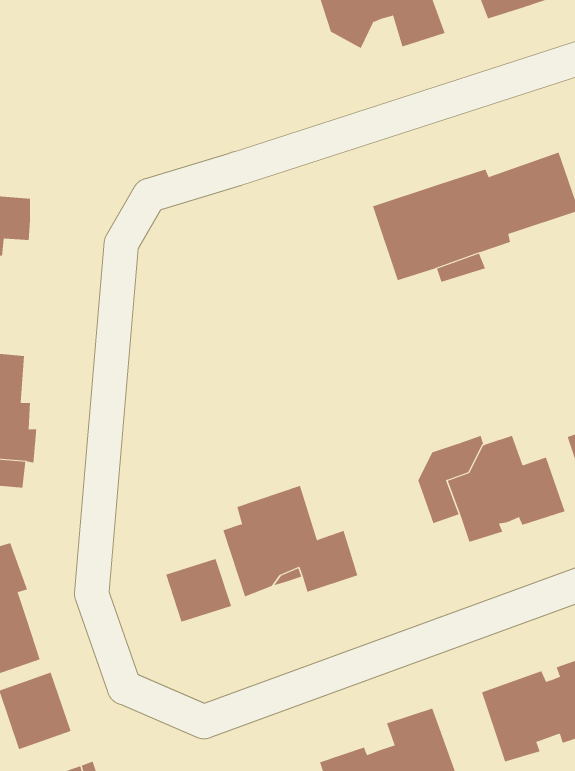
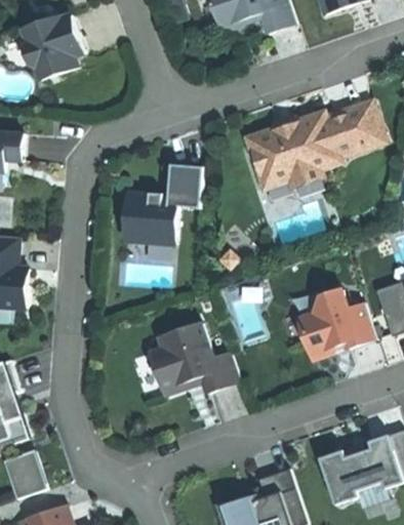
building: none -> [22,13,83,79]
building: none -> [124,164,203,243]
building: [165,558,232,623] -> none

